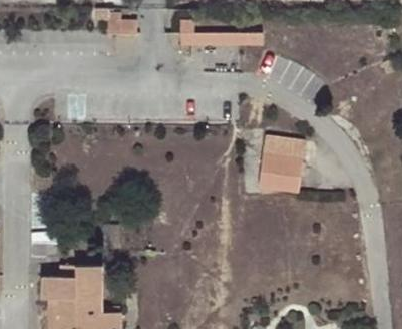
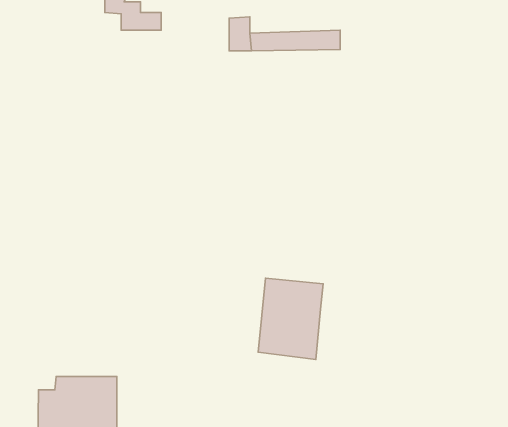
building: [259,134,303,190] -> [258,278,323,359]

